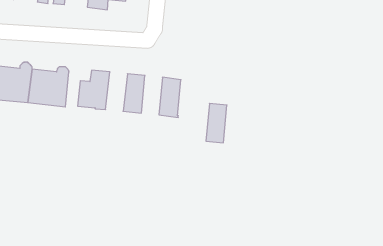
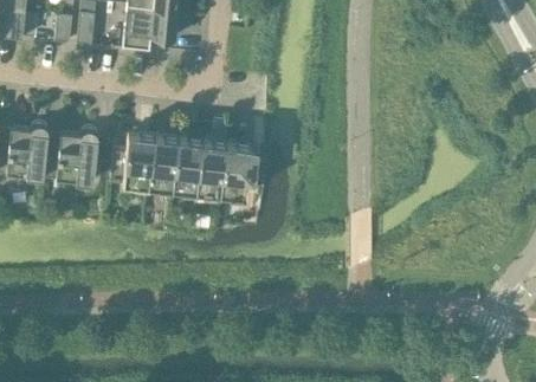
building: none -> [147,135,176,188]
building: [206,103,227,143] -> [195,140,224,193]

